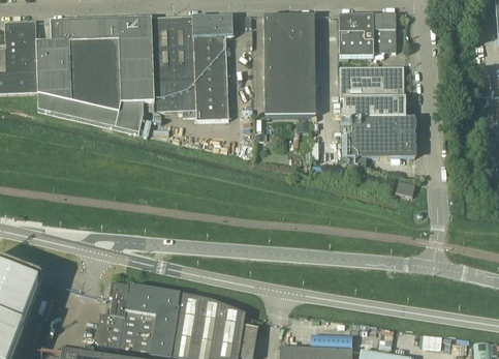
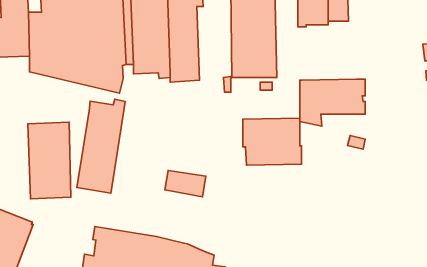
building: [339,63,405,116] -> [243,118,302,165]
building: none -> [77,99,125,193]
building: none -> [28,122,71,199]
building: none -> [165,170,206,197]

